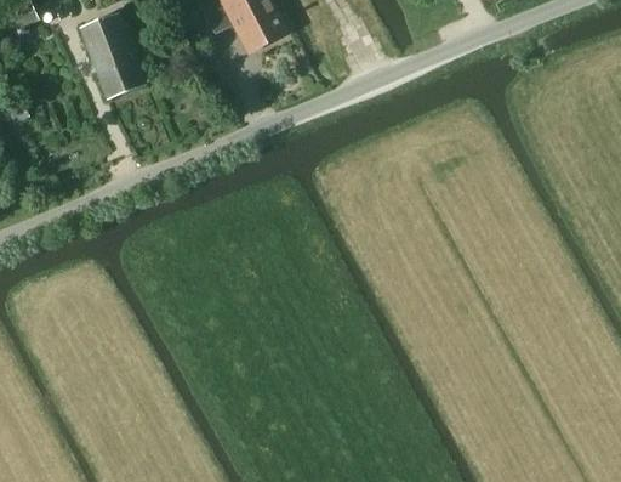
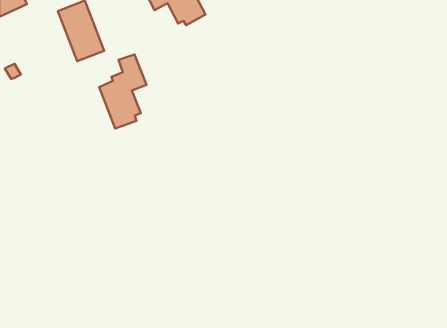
building: none -> [99,54,146,129]

